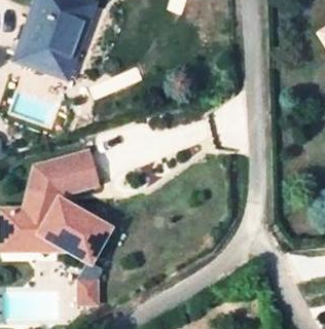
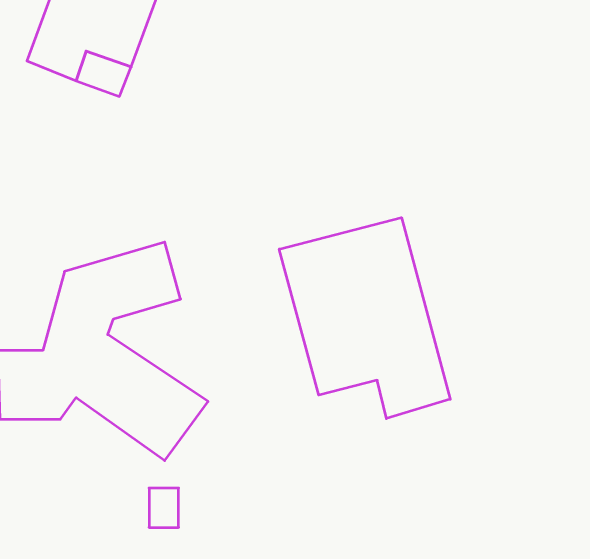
building: none -> [279,218,450,419]

